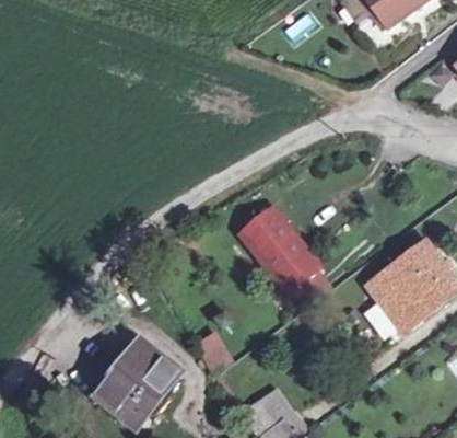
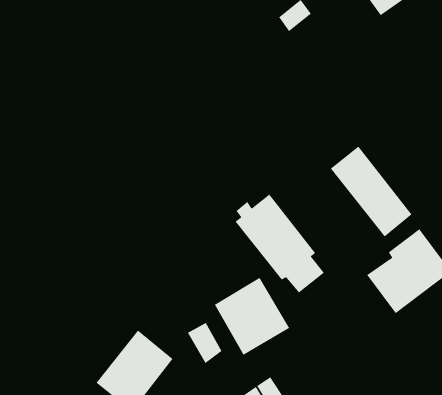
building: none -> [330,146,412,237]
building: none -> [214,277,290,356]

